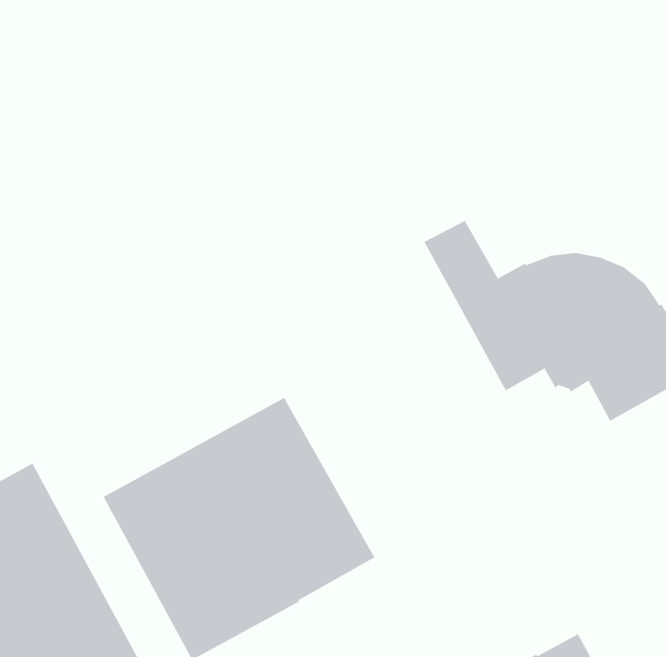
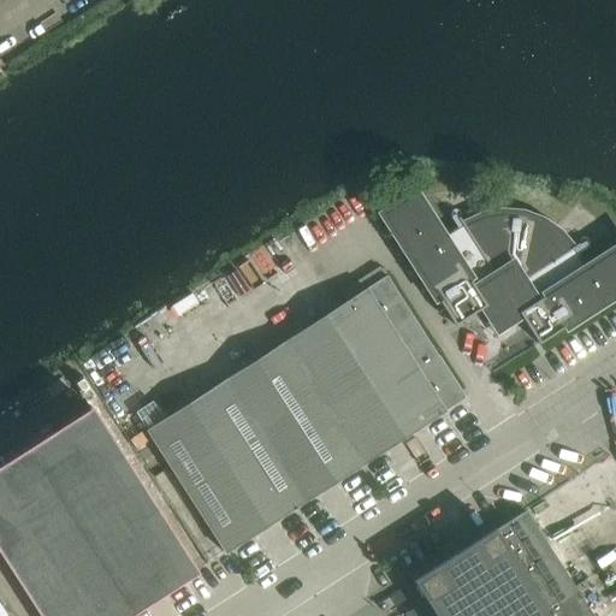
building: none -> [284,278,466,463]

